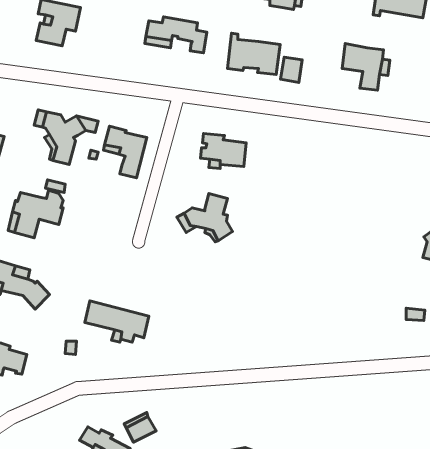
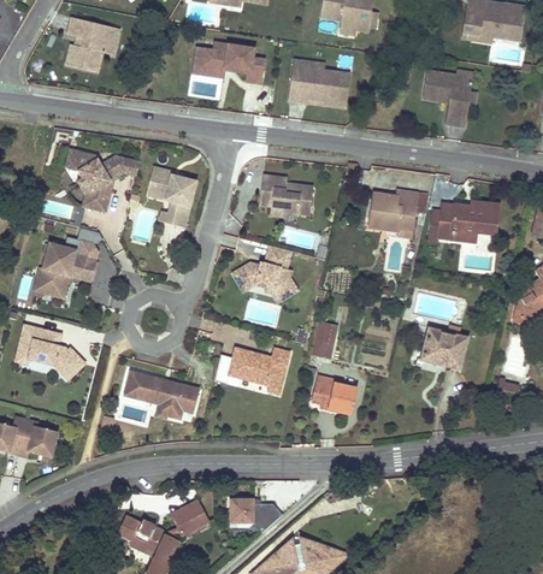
building: [281,57,302,82] -> none
building: none -> [368,189,425,227]
building: none -> [429,200,498,242]
building: none -> [309,320,337,356]
building: none -> [421,326,467,367]
building: none -> [228,348,289,393]
building: none -> [314,374,354,410]
building: none -> [230,499,283,532]

